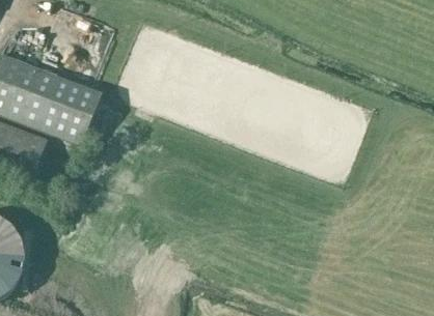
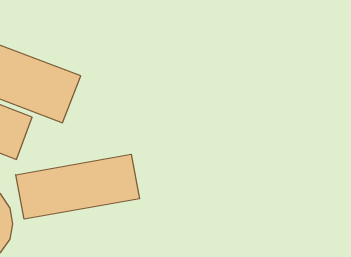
building: none -> [16,154,140,219]

